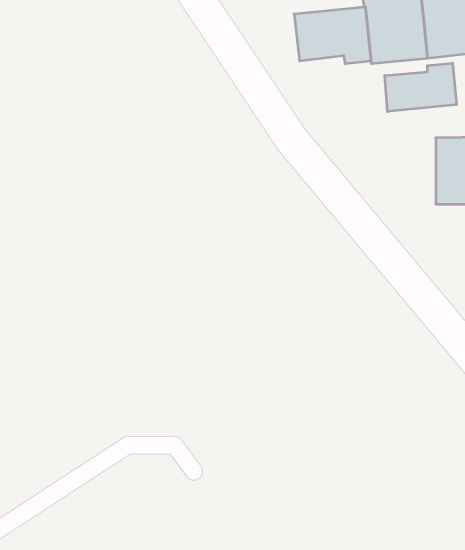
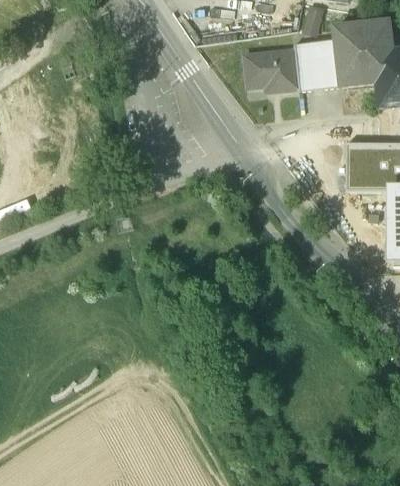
building: [385,63,456,112] -> none

